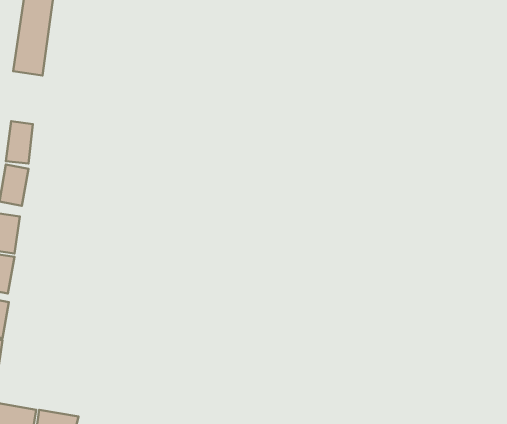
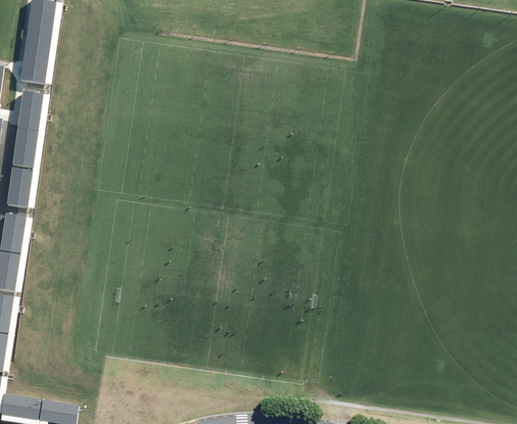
building: none -> [16,91,43,131]

